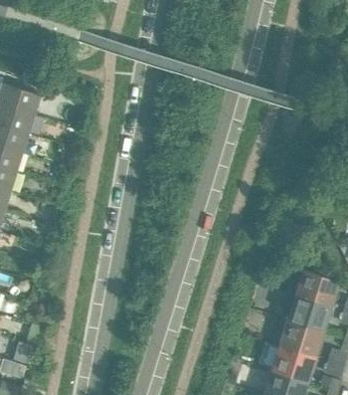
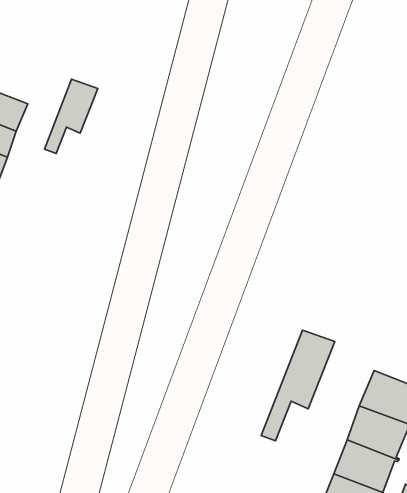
building: none -> [45,79,98,154]
building: none -> [261,330,335,441]

